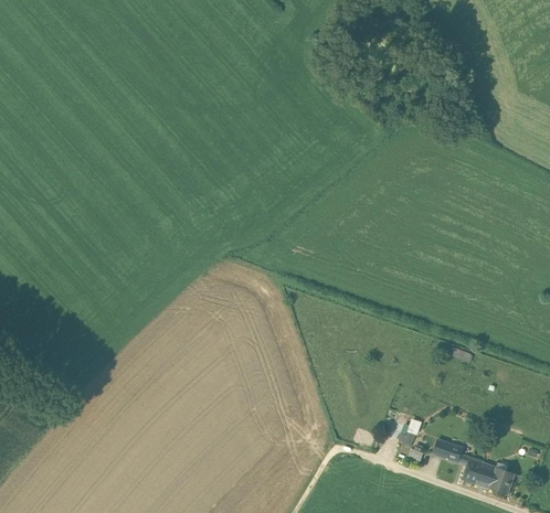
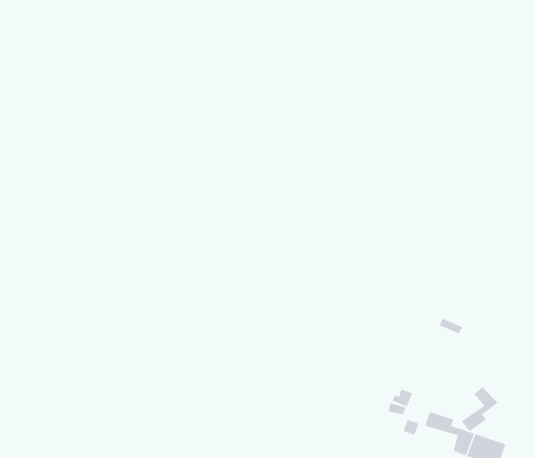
building: none -> [461,387,498,432]

